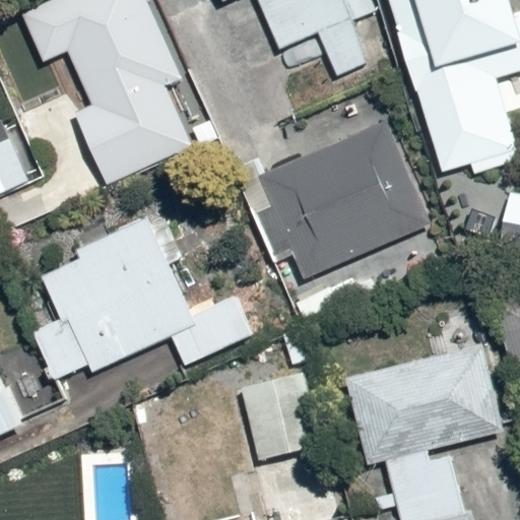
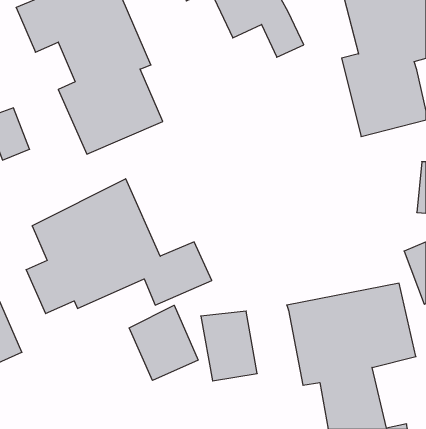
building: [247,125,429,322] -> none
building: none -> [129,305,198,380]

